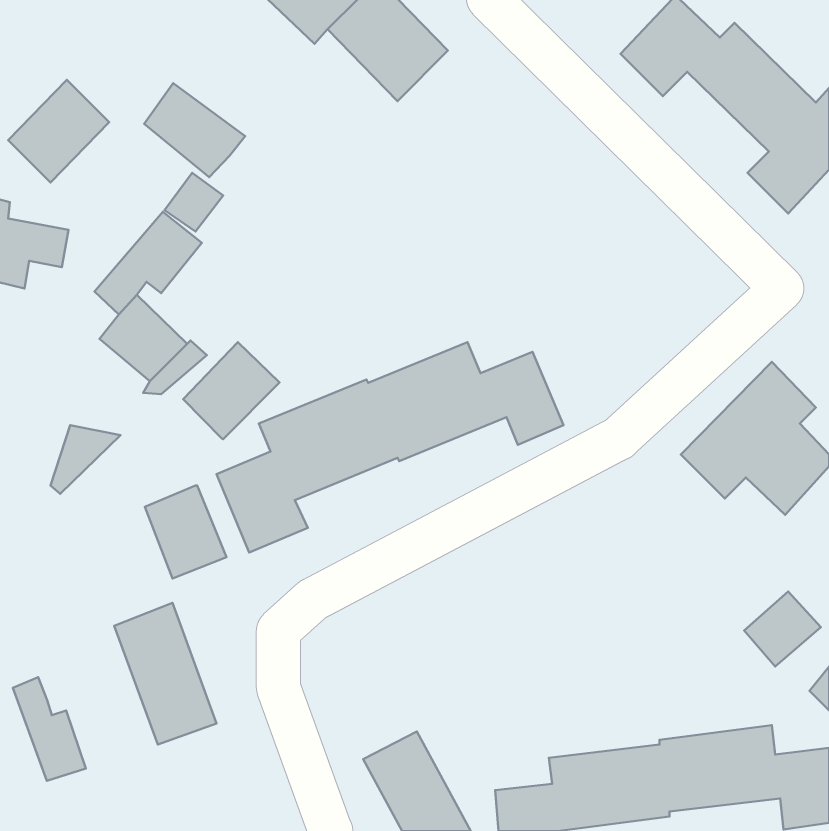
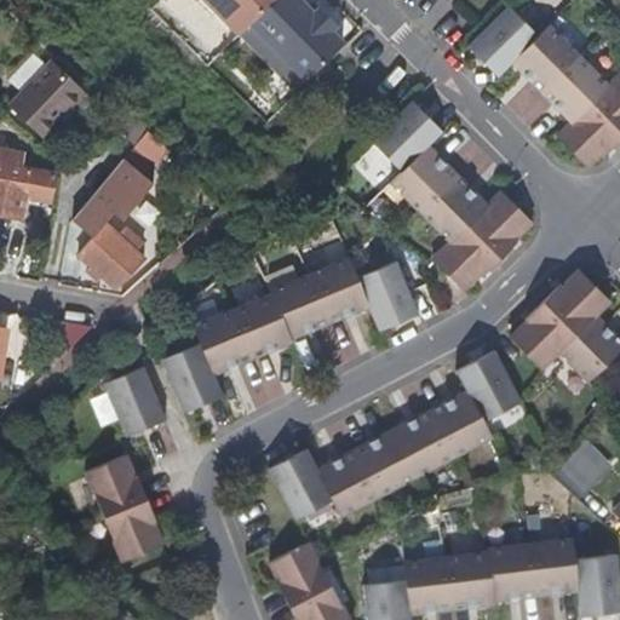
building: [144,83,245,177] -> none
building: none -> [372,104,532,292]
building: [183,342,279,439] -> none
building: none -> [274,357,524,521]
building: [13,677,86,781] -> none

